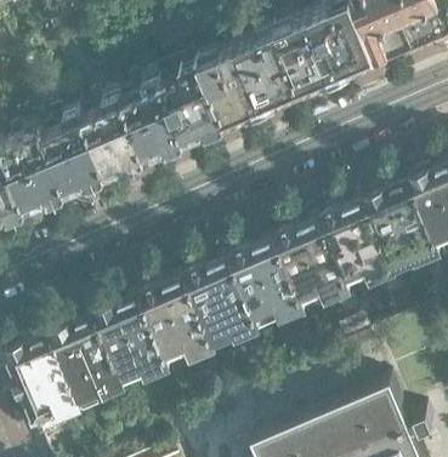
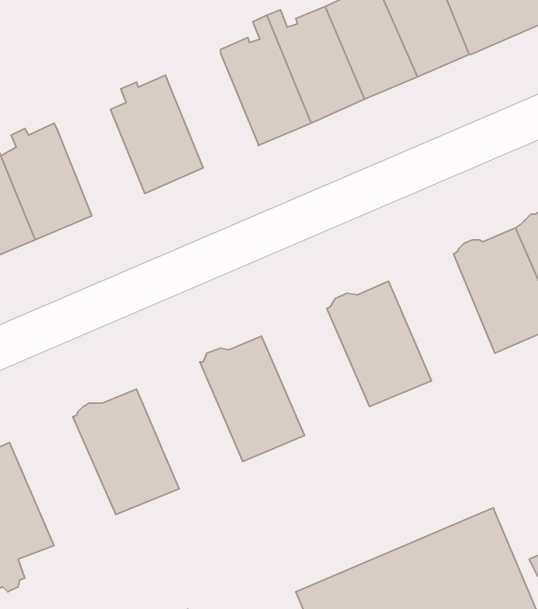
building: [163,62,226,143] -> none
building: [84,96,146,177] -> none
building: [318,204,393,293] -> none
building: [228,242,305,332] -> none
building: [140,280,215,370] -> none
building: [50,319,125,407] -> none

